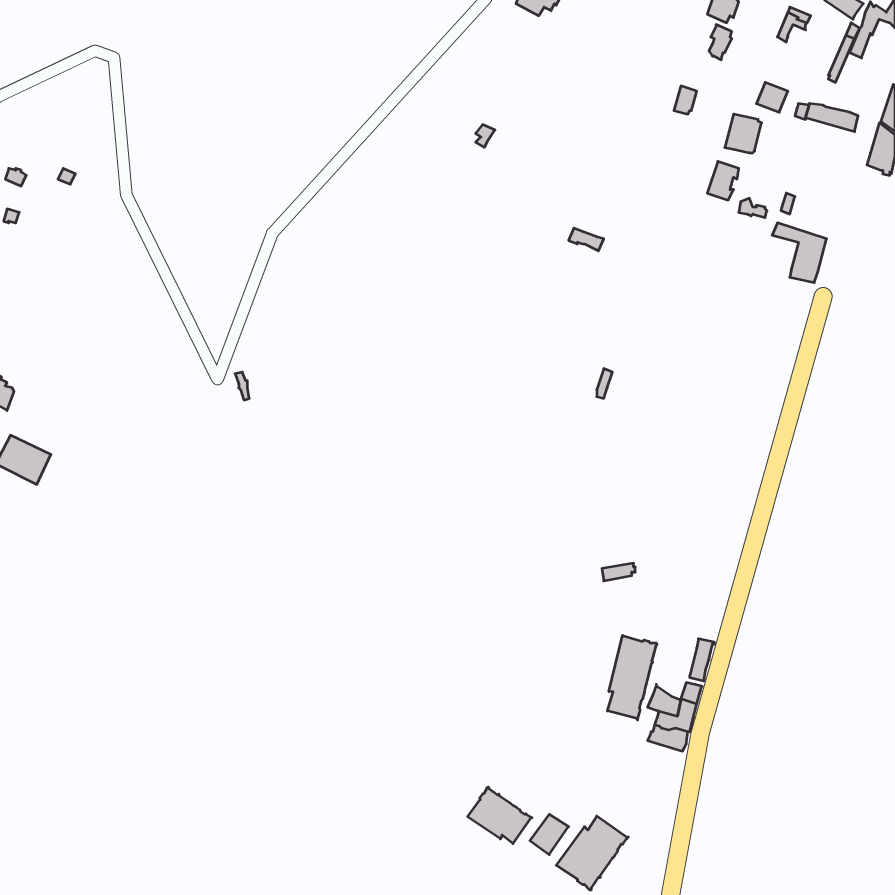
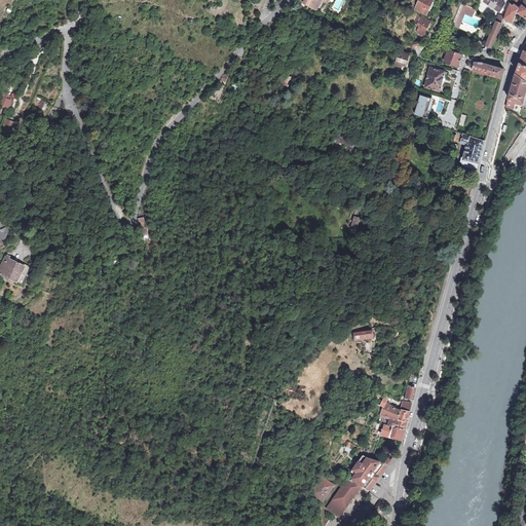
building: [607,635,657,720] -> none
building: none -> [349,455,386,490]
building: [468,787,532,844] -> none

